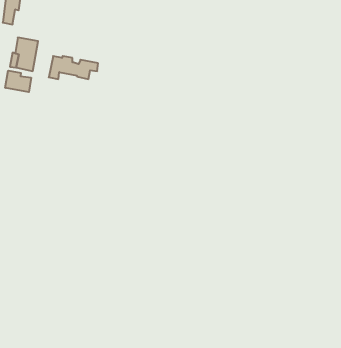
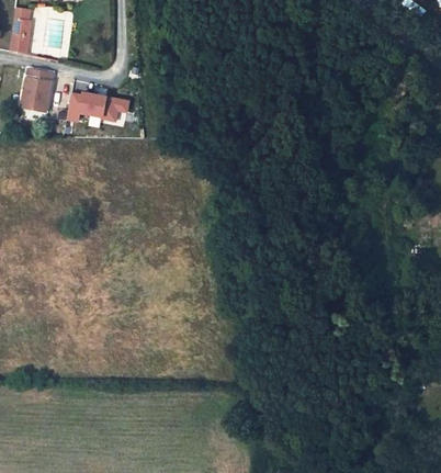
building: [5,71,31,92] -> none

